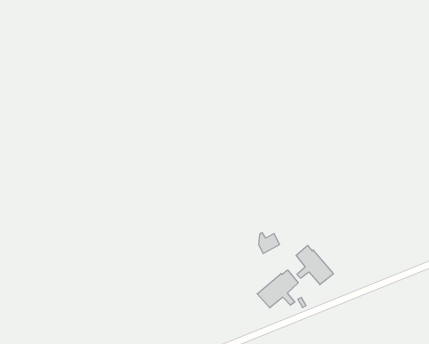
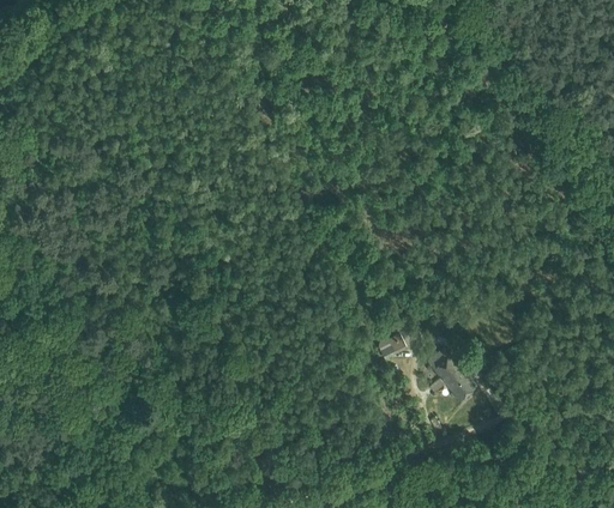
building: [257,270,298,308] -> none

